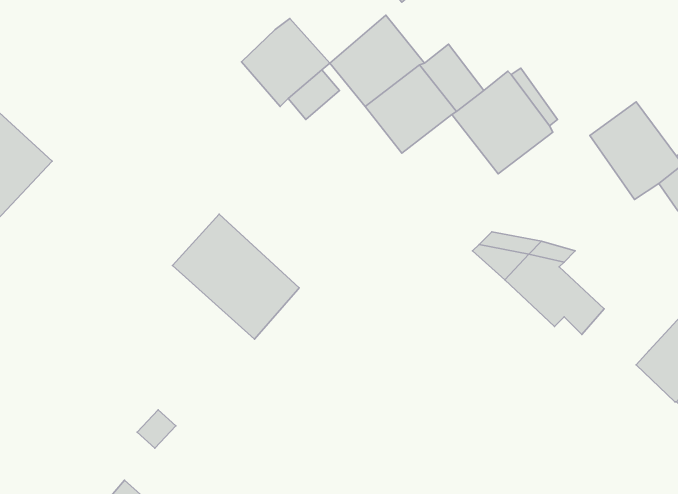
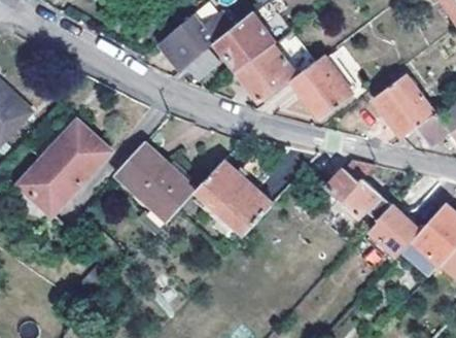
building: none -> [20,121,110,219]
building: none -> [192,160,271,236]
building: none -> [366,203,418,255]

